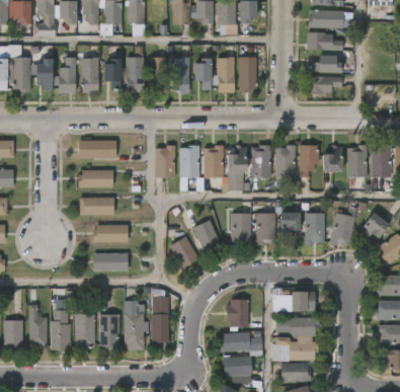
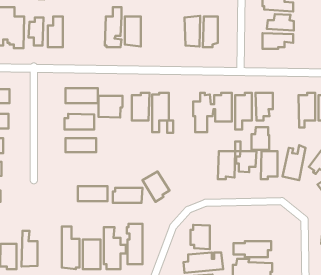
building: [81,57,99,92] -> none
building: [105,58,123,88] -> none
building: [172,58,190,92] -> none
building: [195,58,214,89] -> none
building: [204,145,224,177] -> none
building: [325,145,345,171] -> [252,127,269,150]
building: none -> [98,96,123,117]
building: [230,213,250,245] -> none
building: [192,220,221,255] -> none
building: [93,225,128,242] -> [113,188,142,203]
building: [272,289,313,311] -> none
building: [50,299,70,350] -> none

